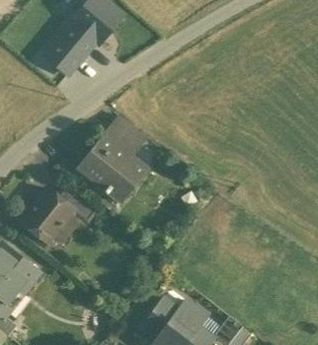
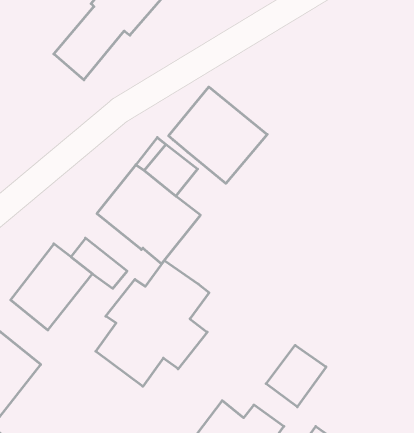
building: none -> [169,87,267,183]
building: none -> [96,260,209,386]
building: none -> [266,345,326,407]

